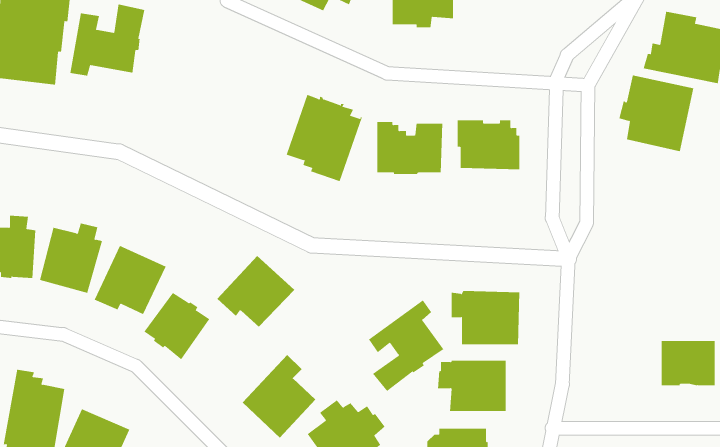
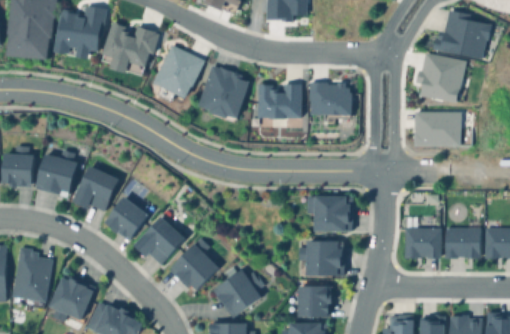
building: none -> [103,22,160,73]
building: none -> [154,45,206,99]
building: none -> [416,112,462,147]
building: [216,255,295,327] -> [132,217,184,265]
building: [368,300,444,392] -> none
building: none -> [405,229,441,259]

